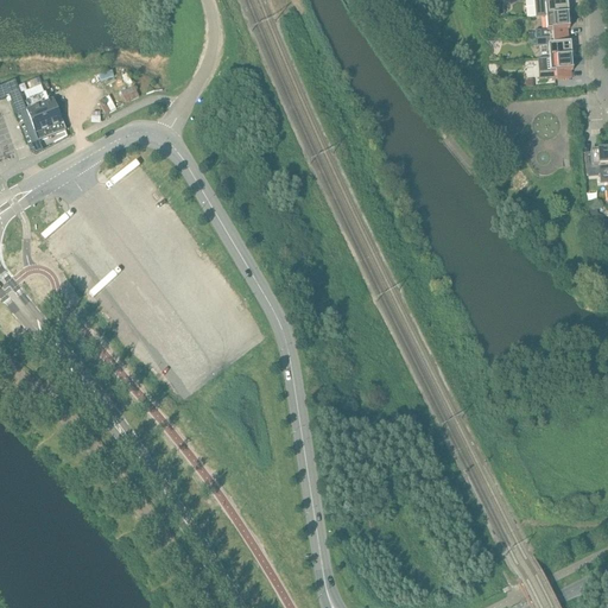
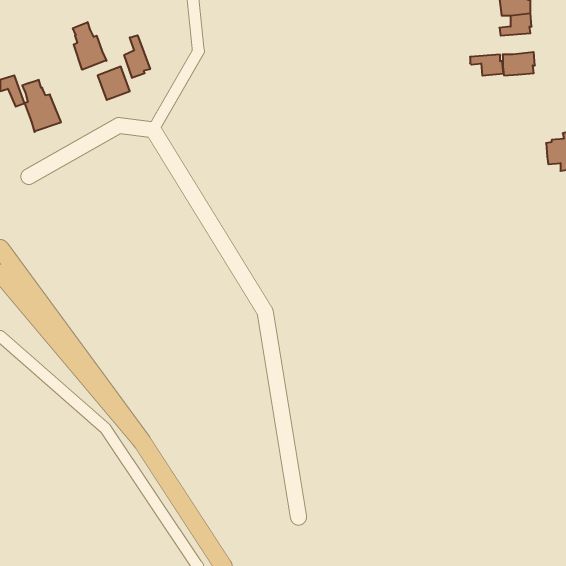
building: none -> [73,22,106,70]
building: [537,36,572,58] -> [470,55,503,76]
building: none -> [124,35,150,78]

